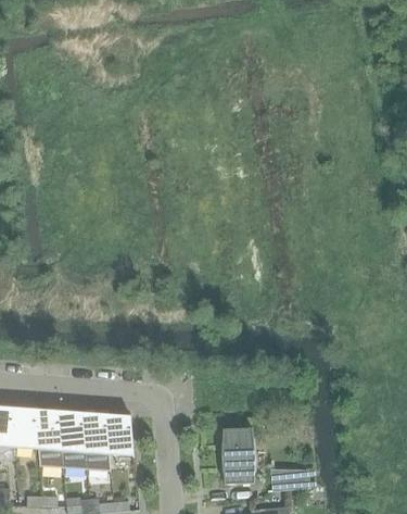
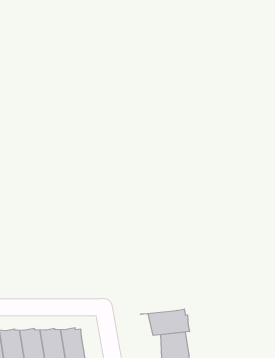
building: none -> [140,309,189,335]

